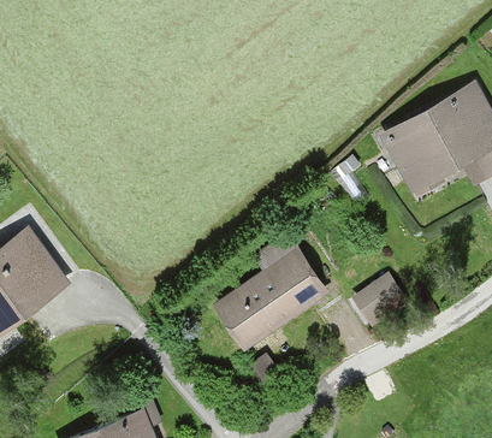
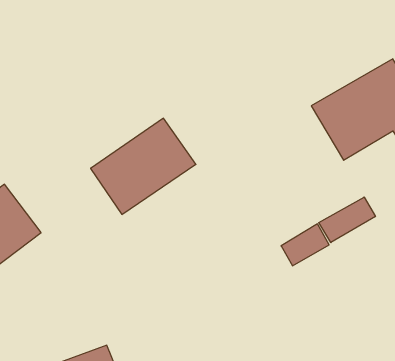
building: none -> [319,197,375,243]
building: [209,242,331,353] -> [91,118,196,214]

